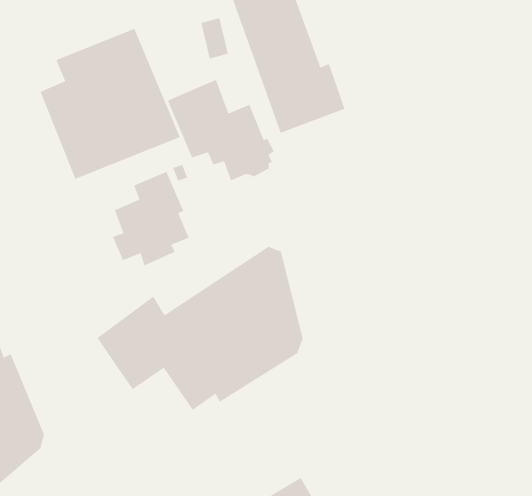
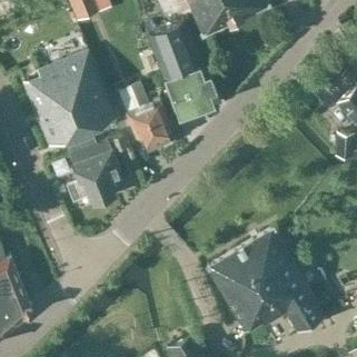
building: [96,246,303,411] -> none
building: none -> [208,229,324,334]

